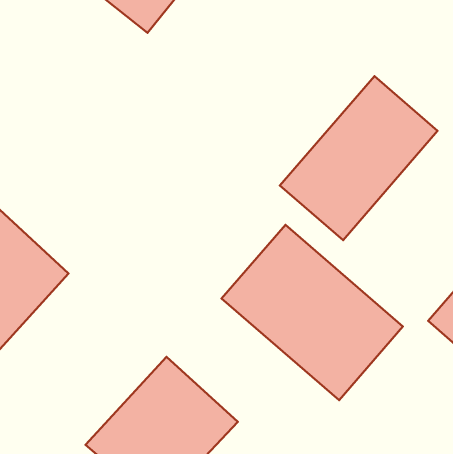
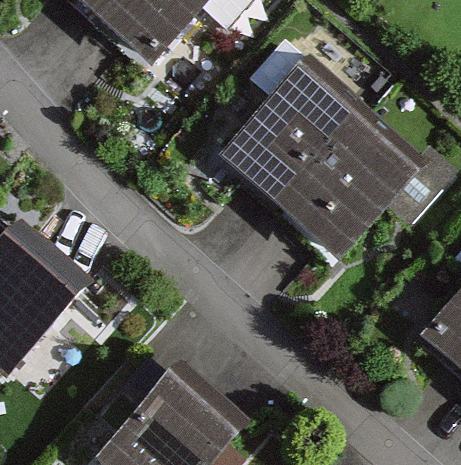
building: none -> [219,52,369,208]
building: [222,225,403,400] -> none

